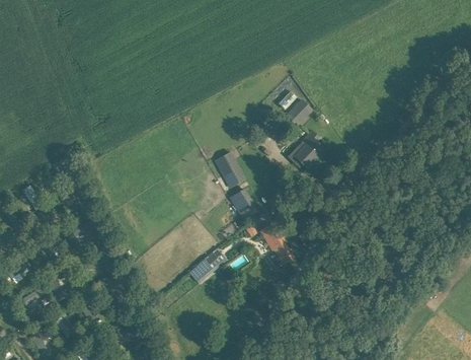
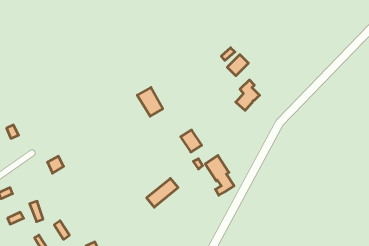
building: [215,152,245,187] -> [137,87,163,116]

